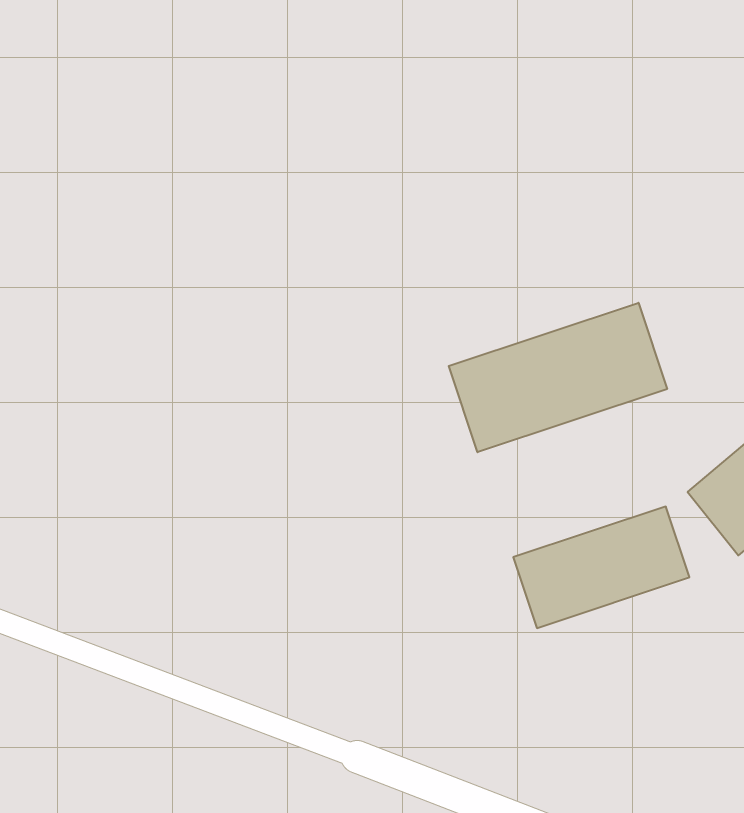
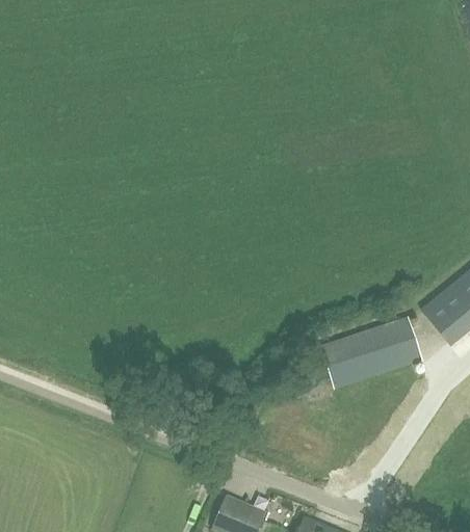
building: [449,303,667,452] -> none

